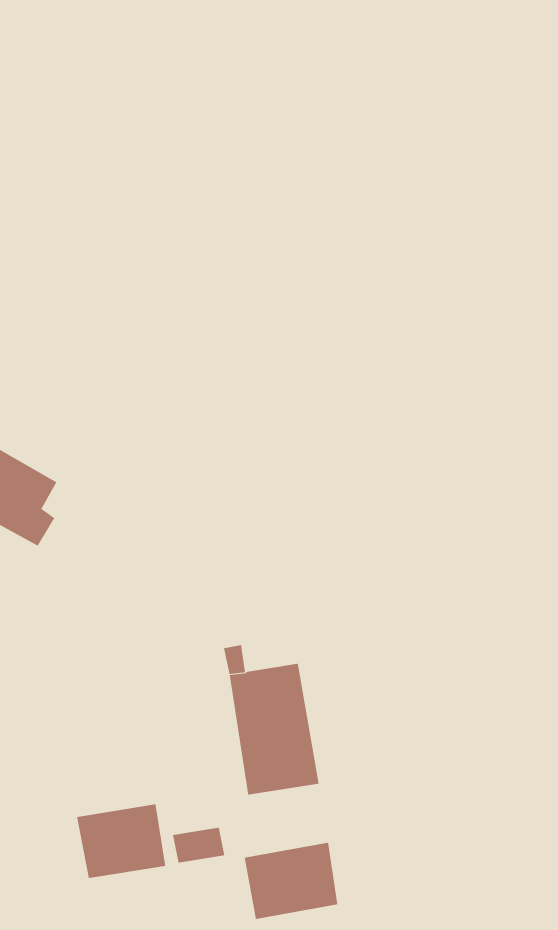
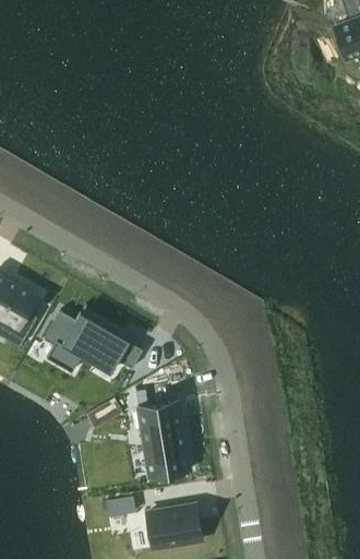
building: none -> [45,310,144,372]
building: [77,803,166,879] -> none

